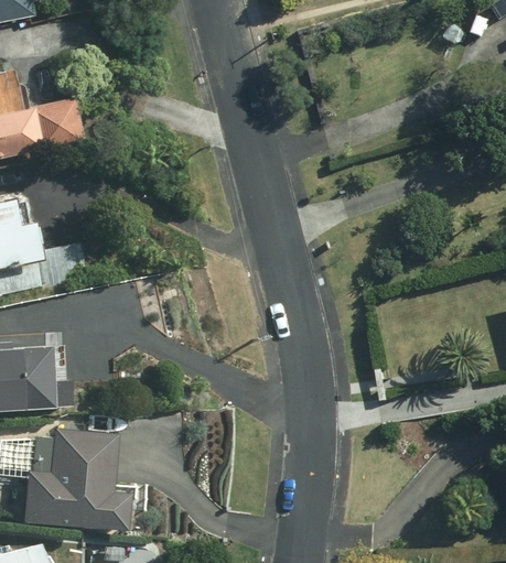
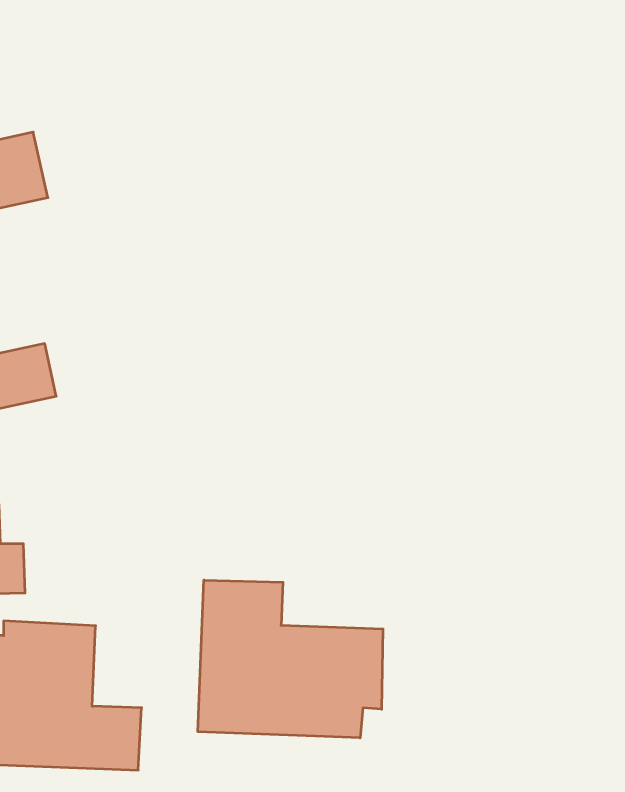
building: none -> [198,580,383,738]

